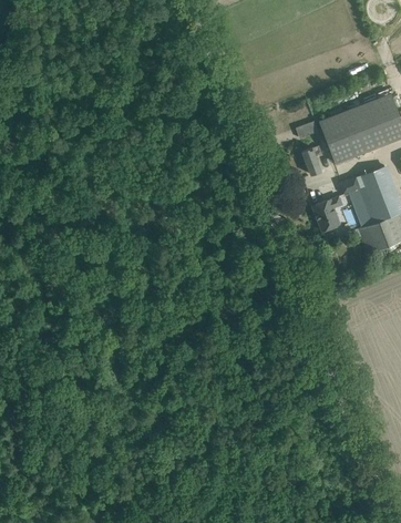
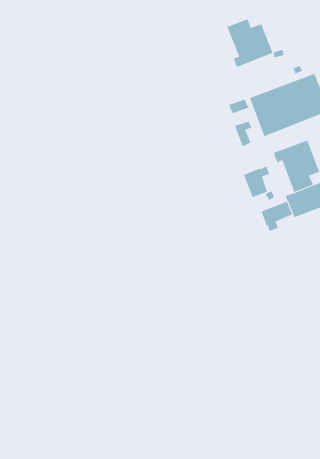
building: none -> [227,18,273,68]
building: none -> [261,201,293,232]

